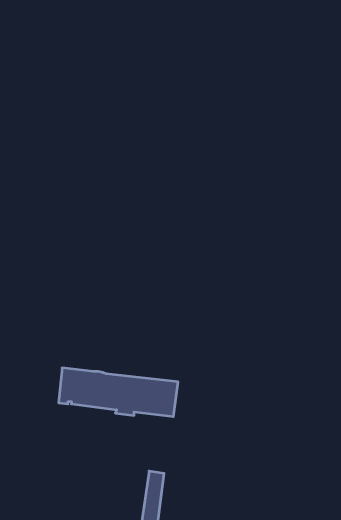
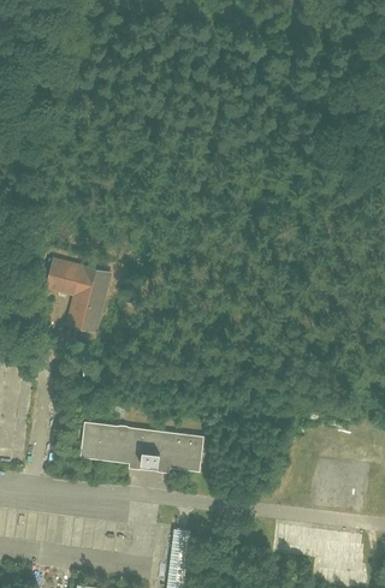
building: none -> [46,260,109,332]

